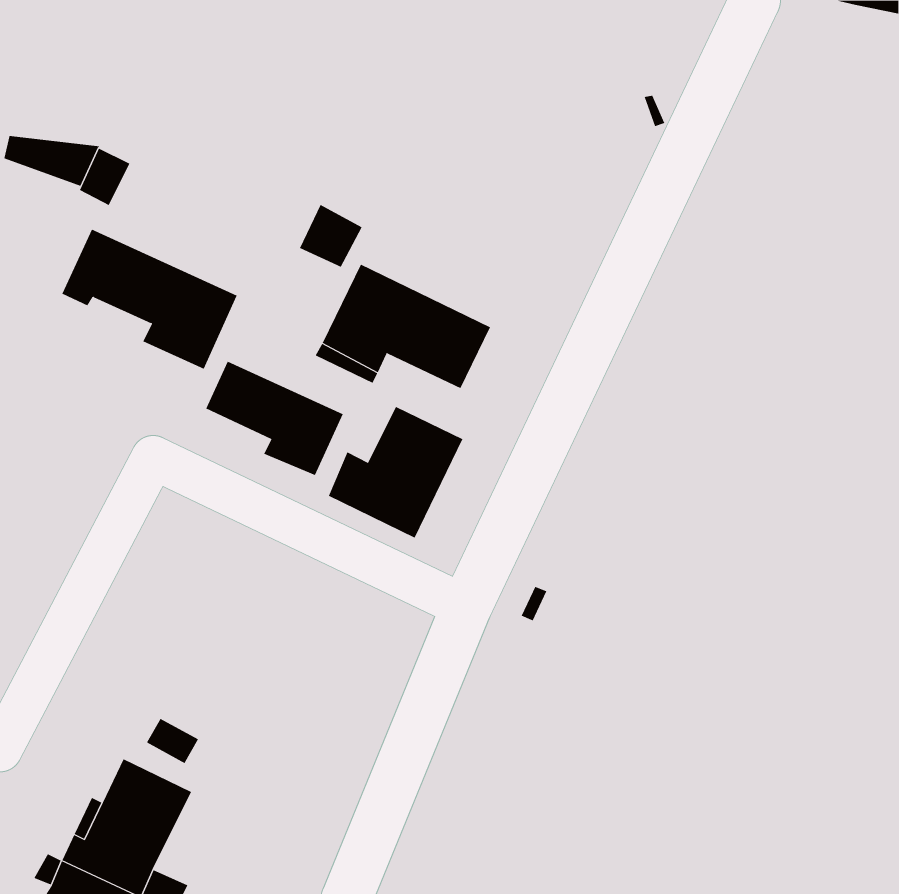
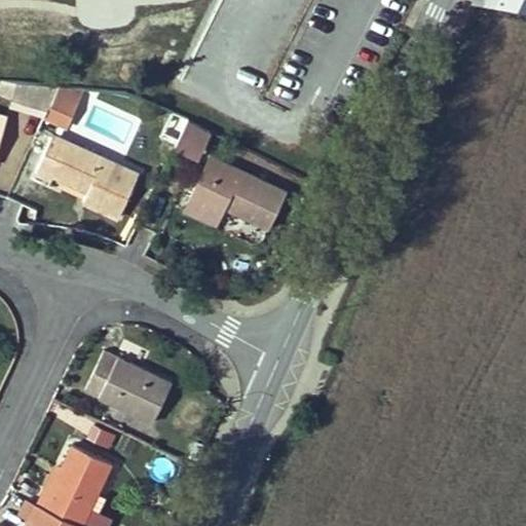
building: [206,361,343,476] -> none
building: [328,406,463,538] -> none
building: none -> [85,352,173,424]

